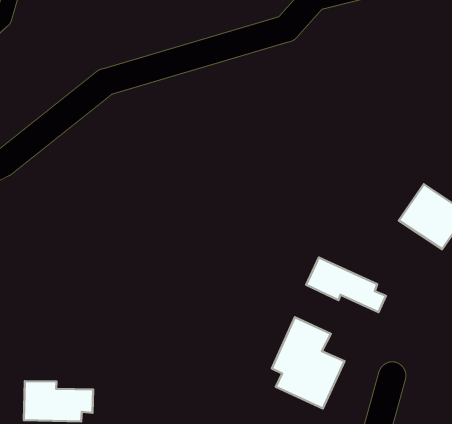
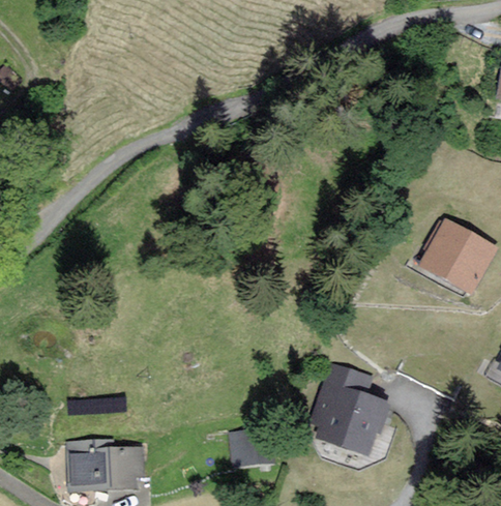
building: [306,257,386,312] -> none
building: none -> [229,430,270,466]

